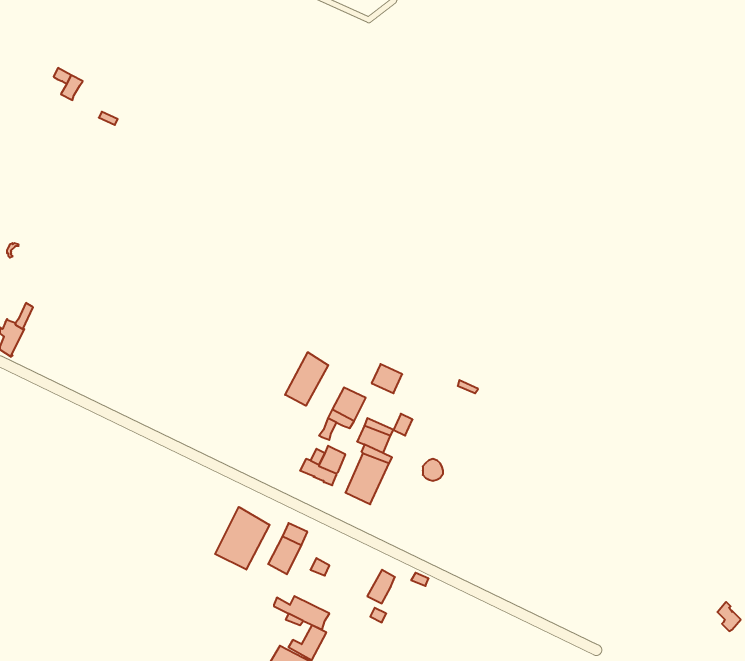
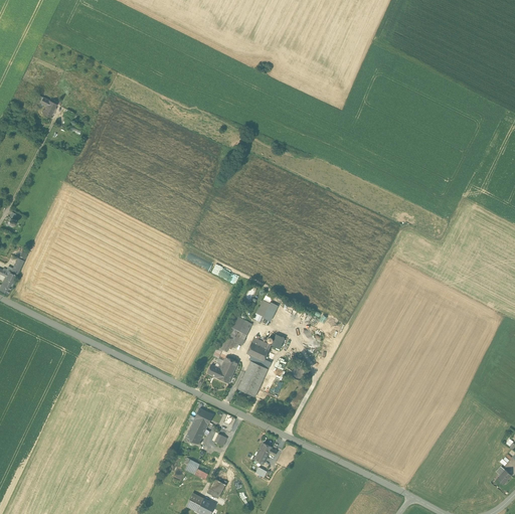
building: [285,352,328,406] -> none
building: [215,507,270,570] -> none

